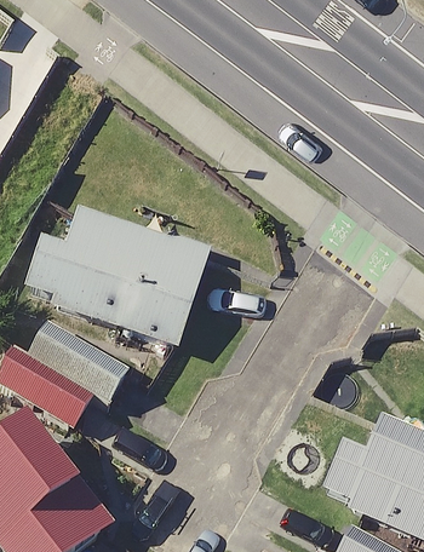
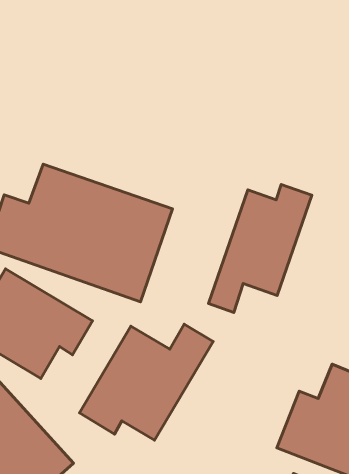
building: none -> [208,184,312,313]
building: none -> [79,324,213,440]

